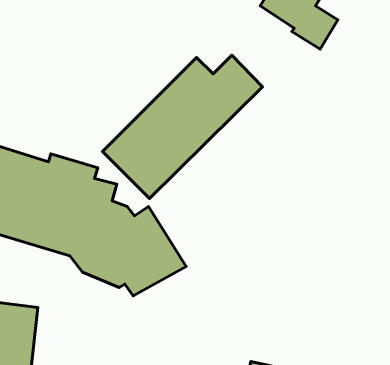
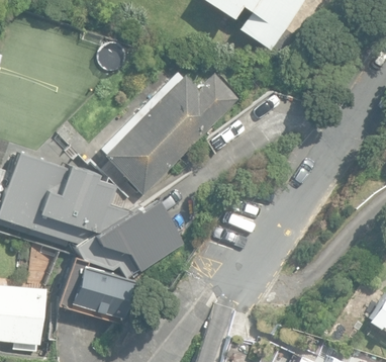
building: none -> [55,255,136,323]

